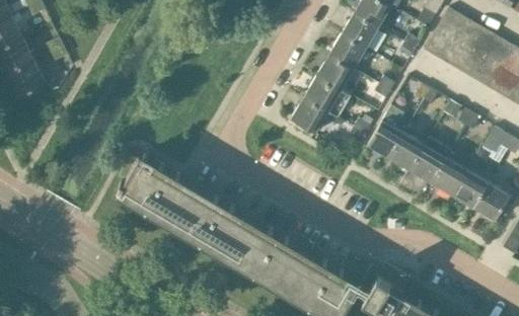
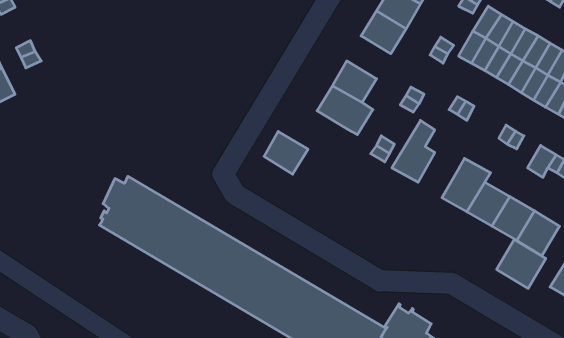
building: [327,36,365,73] -> none
building: [290,100,327,137] -> [264,131,308,174]
building: [388,136,424,174] -> none
building: none -> [497,239,546,288]

